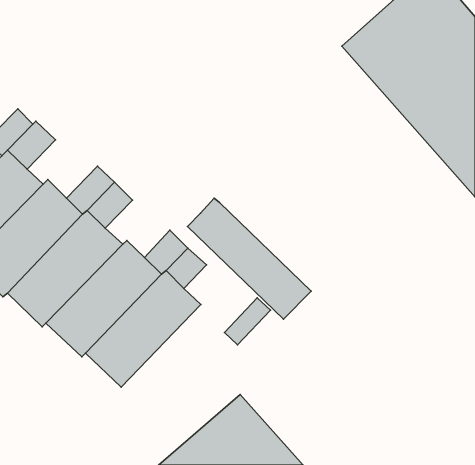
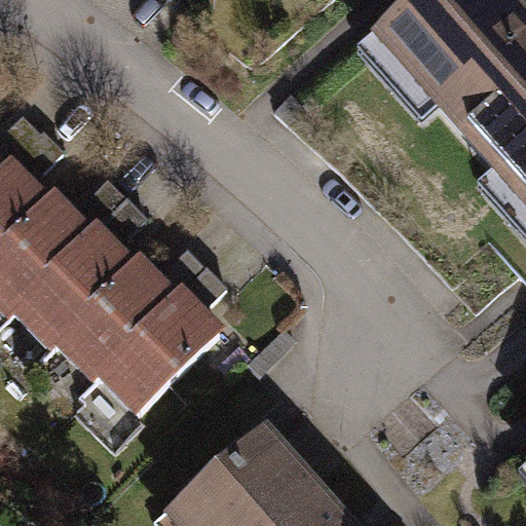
building: [187,198,311,319] -> none

